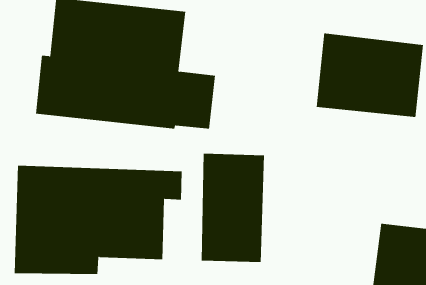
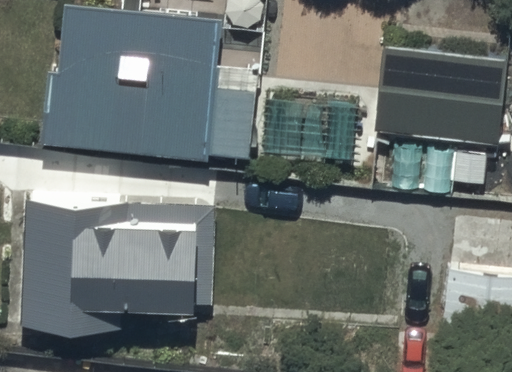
building: [201,153,265,263] -> none

